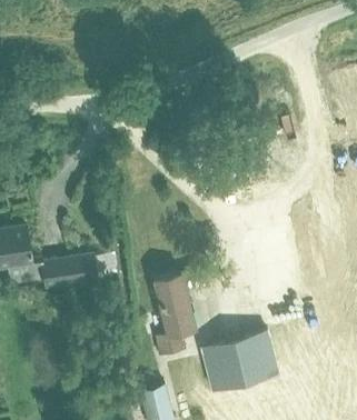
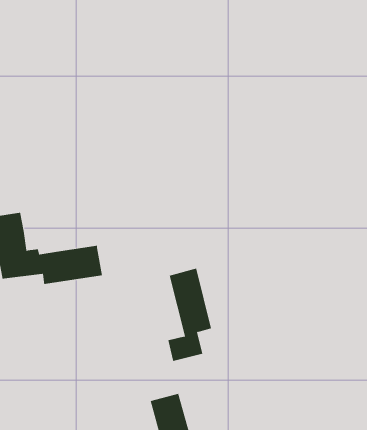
building: [201,331,278,391] -> none

